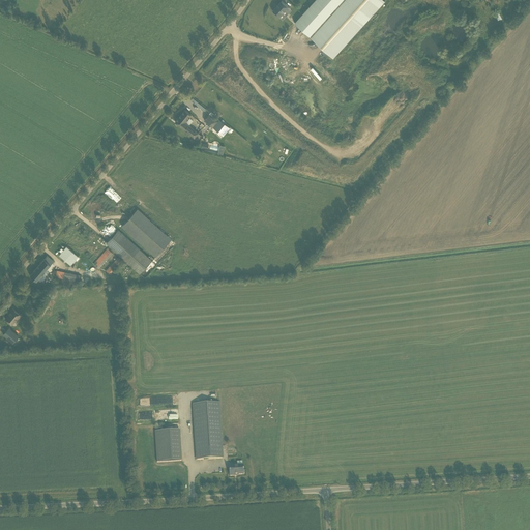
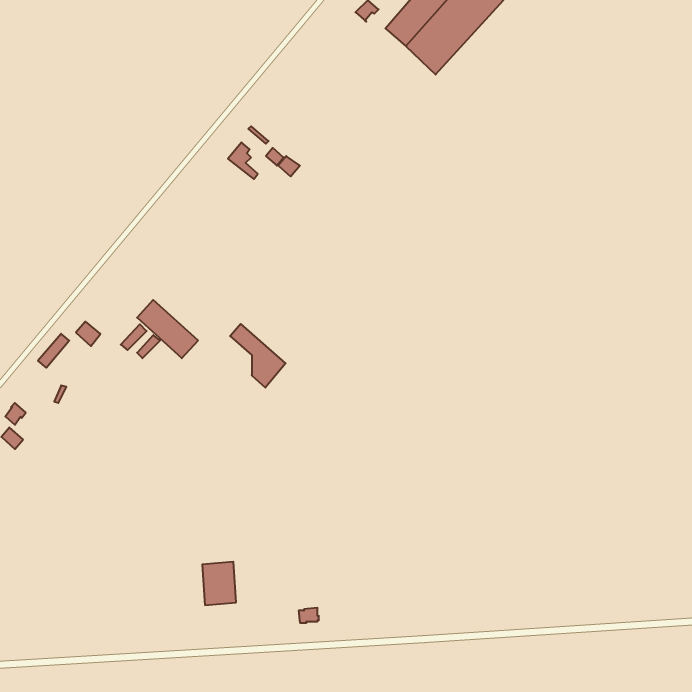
building: [127,207,170,256] -> [230,324,286,388]
building: [193,402,222,459] -> none

